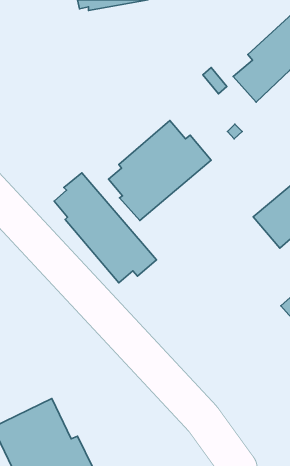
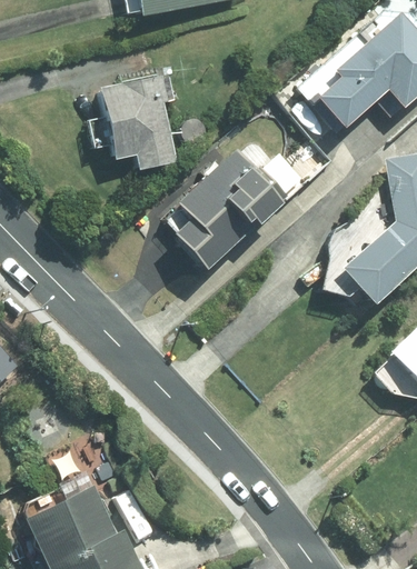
building: none -> [100,76,178,169]
building: [54,173,156,283] -> none

